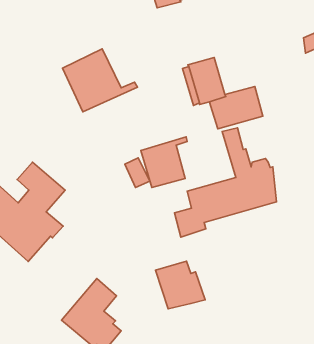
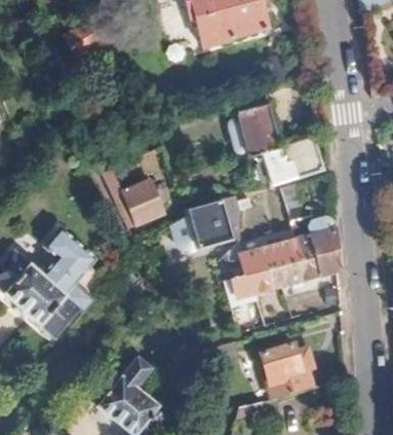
building: [62,49,138,112] -> none
building: none -> [124,178,165,222]
building: [156,261,205,309] -> [260,343,316,398]

